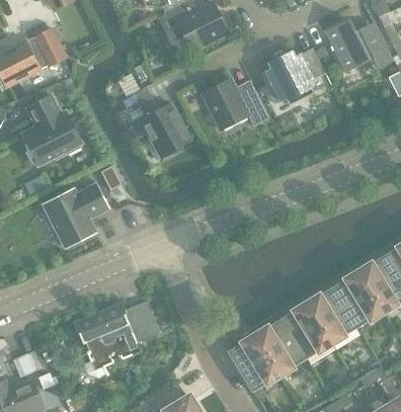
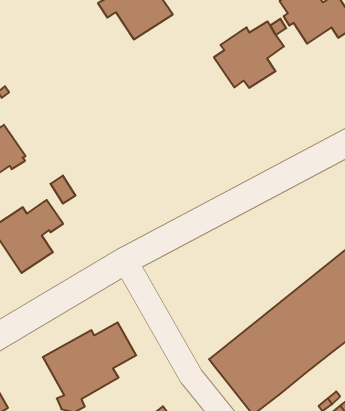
building: [203,79,269,130] -> none
building: [119,86,191,157] -> none

